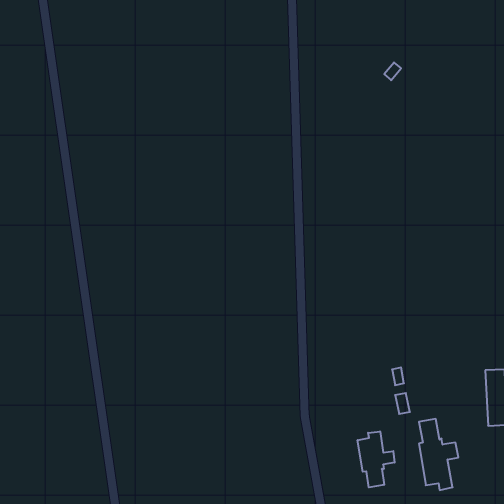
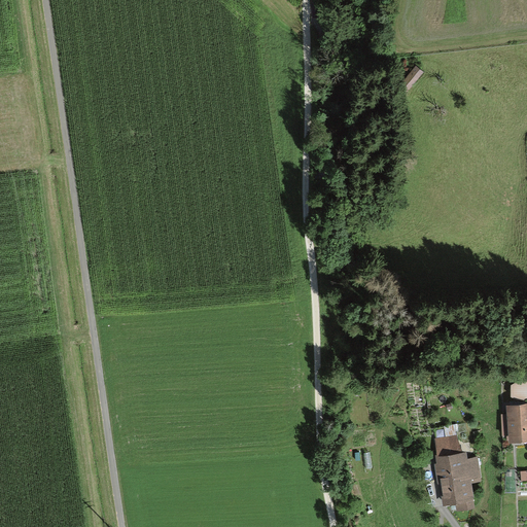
building: [358,431,395,487] -> none

